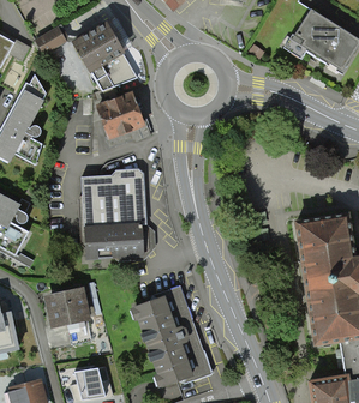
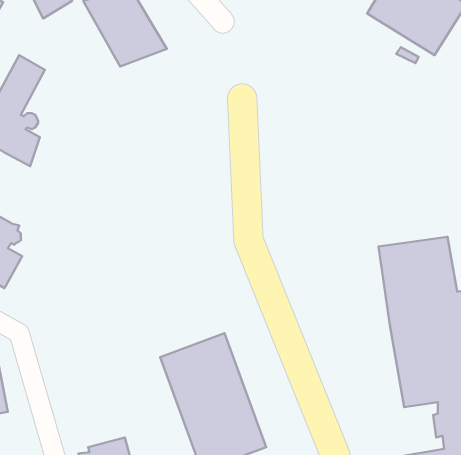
building: [98,92,149,144] -> none
building: [82,167,155,260] -> none
building: [49,289,86,321] -> none

